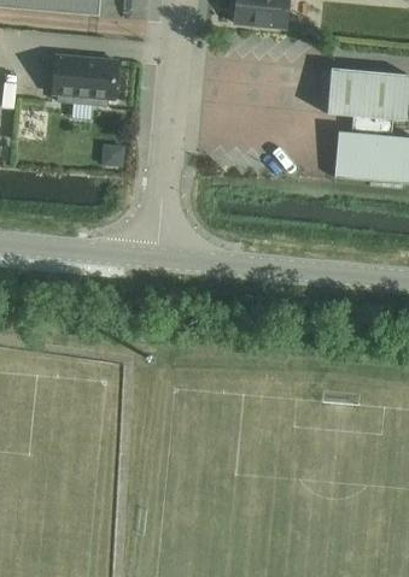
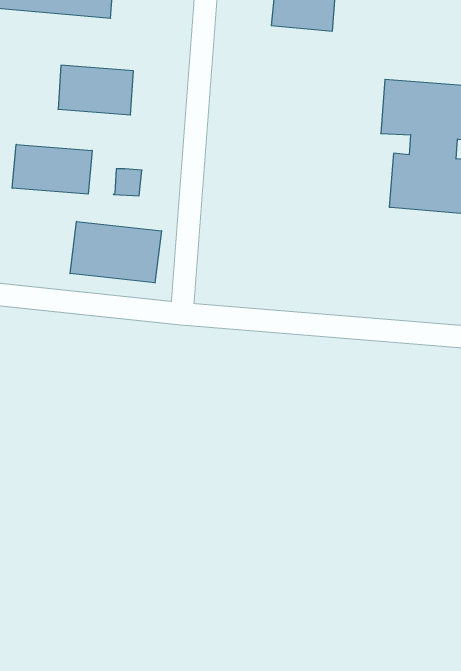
building: none -> [12,144,92,194]
building: none -> [70,221,161,283]

